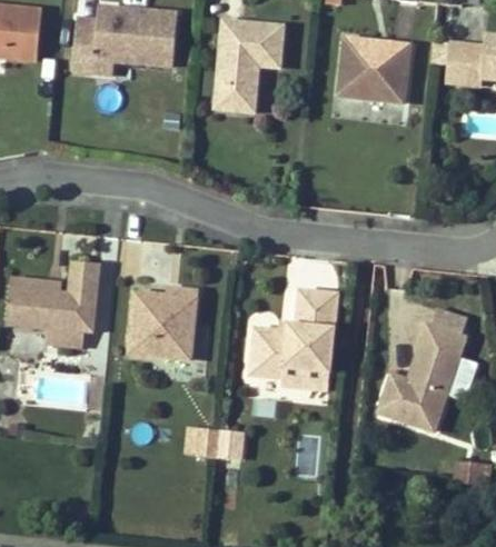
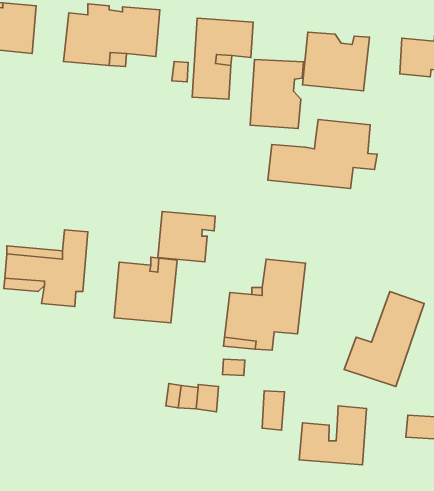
building: none -> [250,59,304,128]
building: none -> [268,120,377,188]
building: none -> [158,212,215,262]
building: none -> [299,406,367,465]

